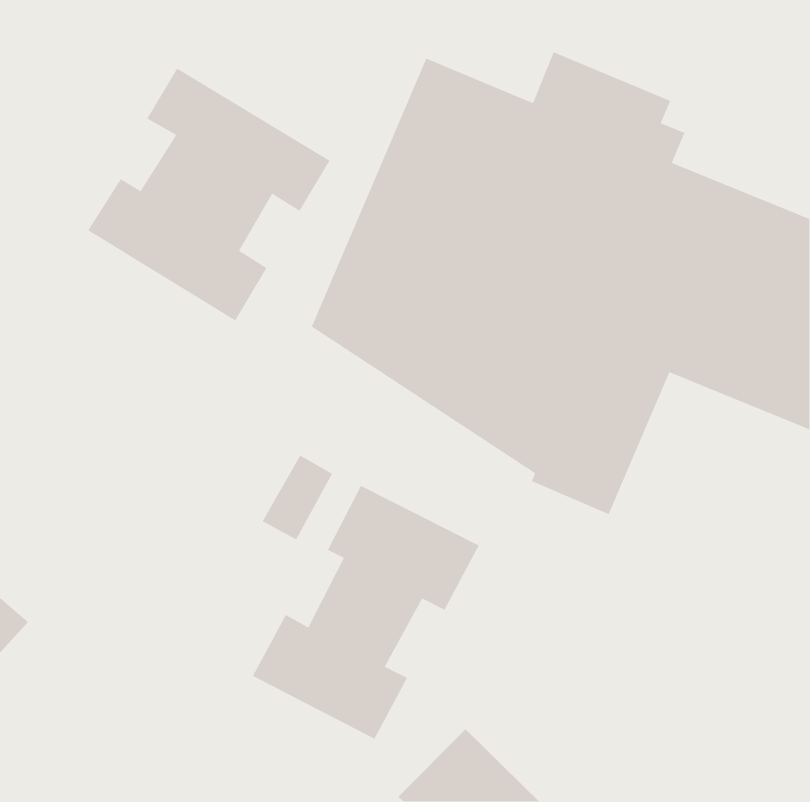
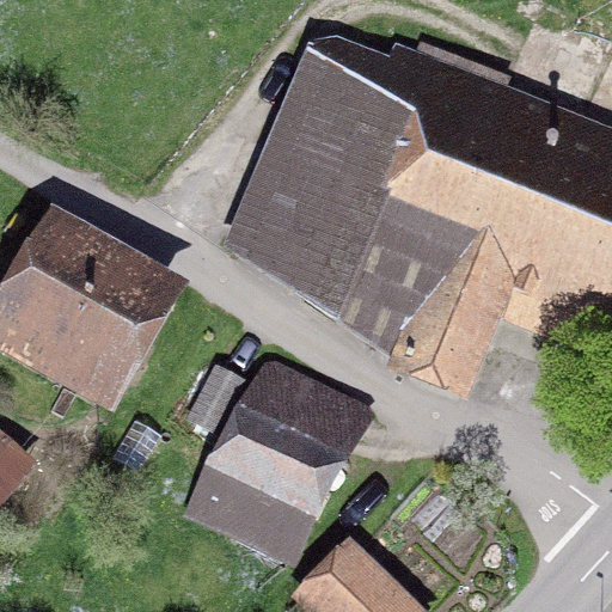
building: [87,67,330,322] -> none
building: none -> [5,238,153,384]

